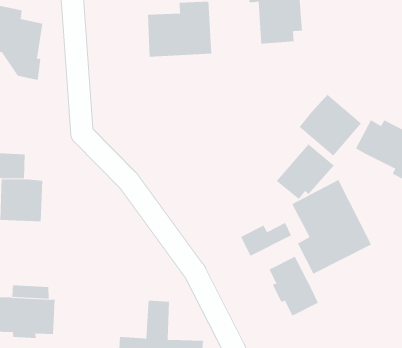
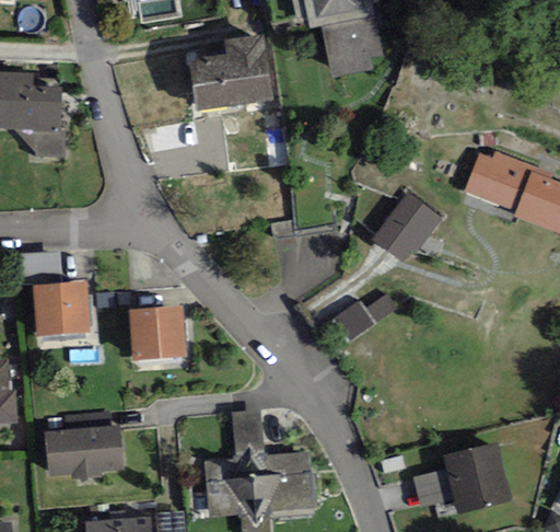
building: [299,94,362,157] -> none
building: [291,179,372,274] -> none
building: none -> [128,304,187,361]
building: [269,256,319,316] -> none

